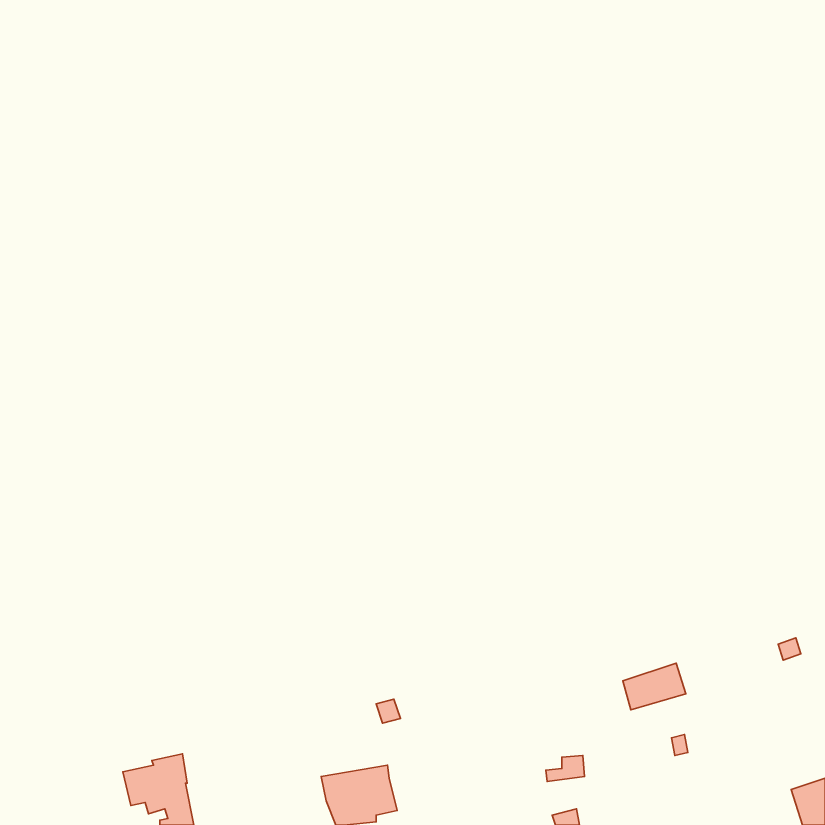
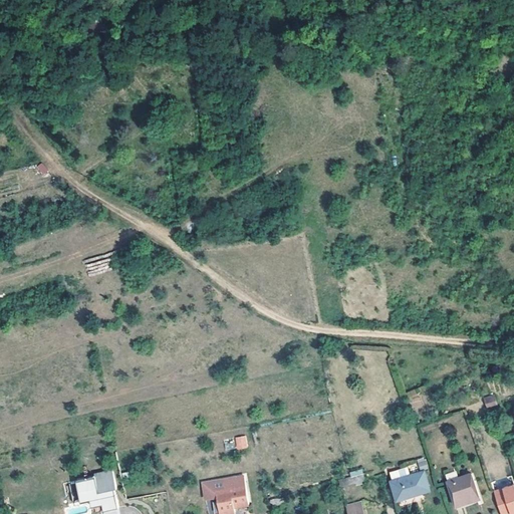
building: [623,663,686,710] -> [391,472,430,501]
building: none -> [448,474,480,506]

